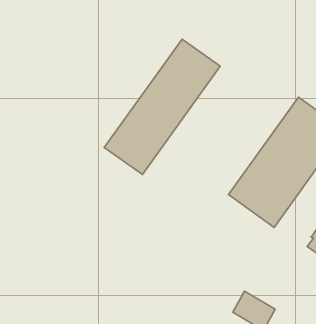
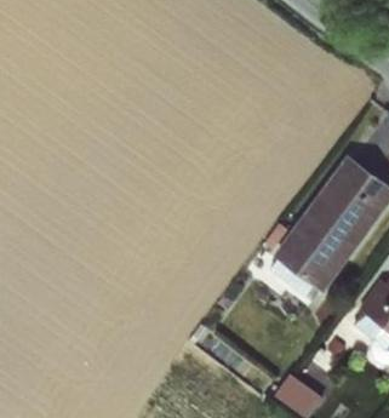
building: [104,39,220,174] -> none

